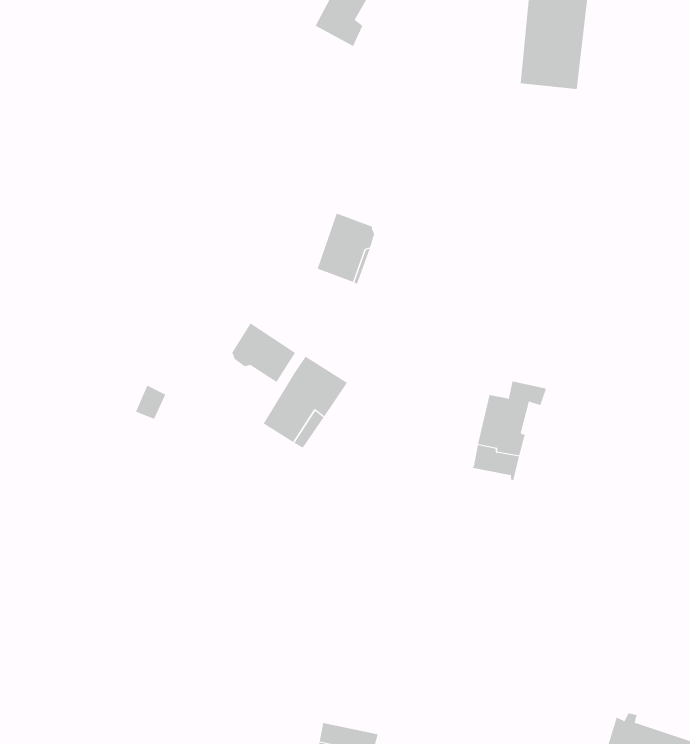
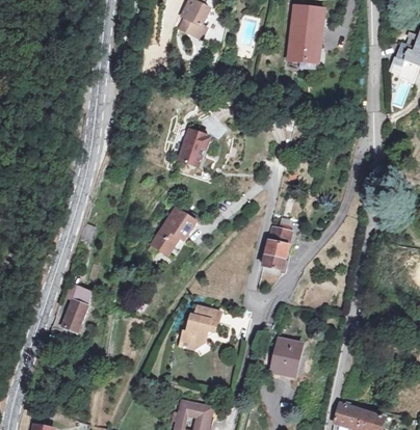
building: [231,323,296,383] -> none
building: none -> [58,301,86,331]
building: none -> [180,310,222,351]
building: none -> [270,340,300,378]

